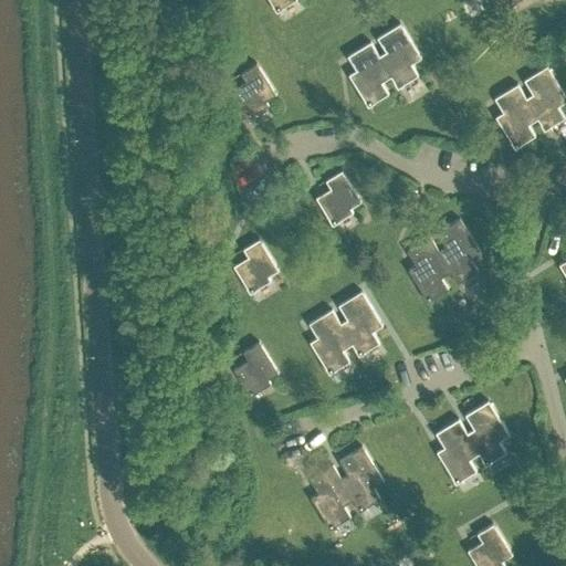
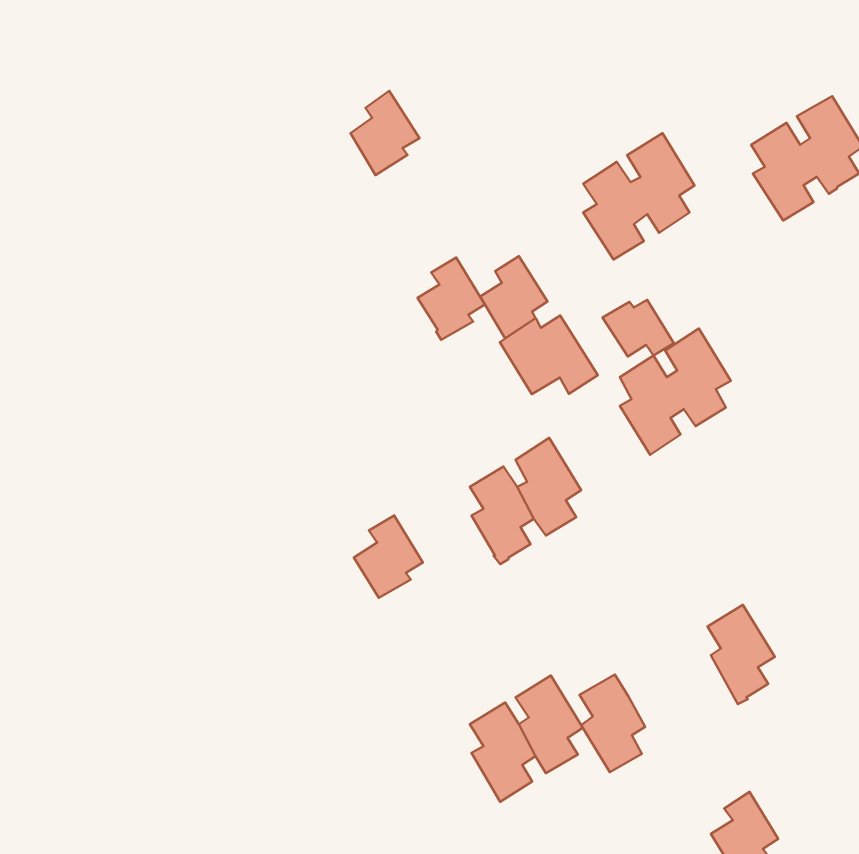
building: [348,24,421,107] -> [583,133,694,260]
building: none -> [603,300,674,357]
building: none -> [500,315,598,394]
building: [234,240,279,294] -> [418,257,485,340]
building: [436,420,479,484] -> [580,675,645,772]

